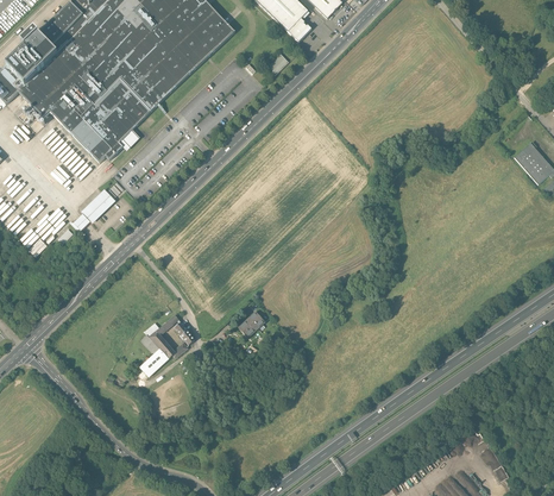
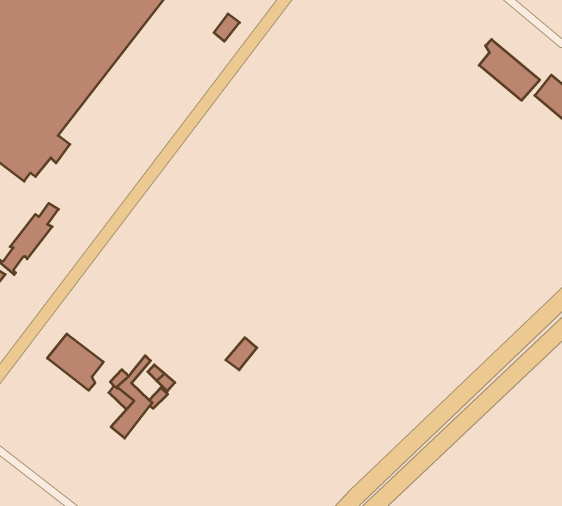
building: none -> [479,39,540,100]
building: none -> [47,334,103,390]

